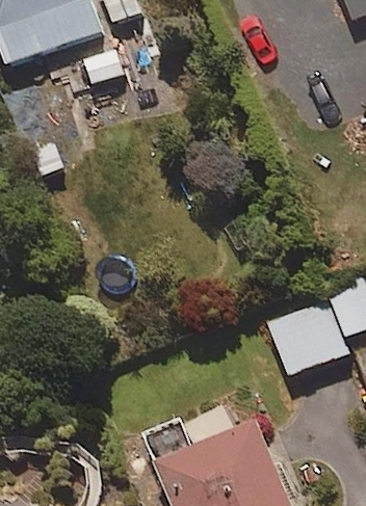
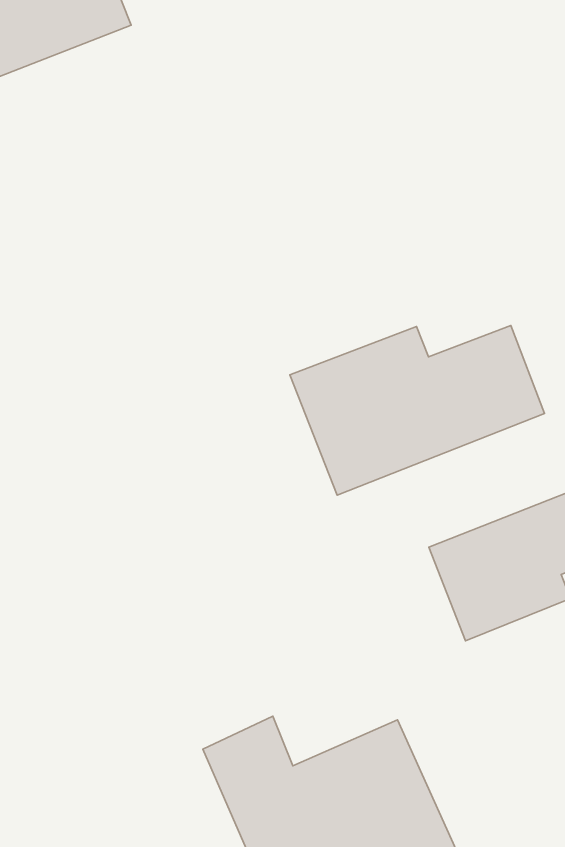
building: none -> [290,326,545,495]

